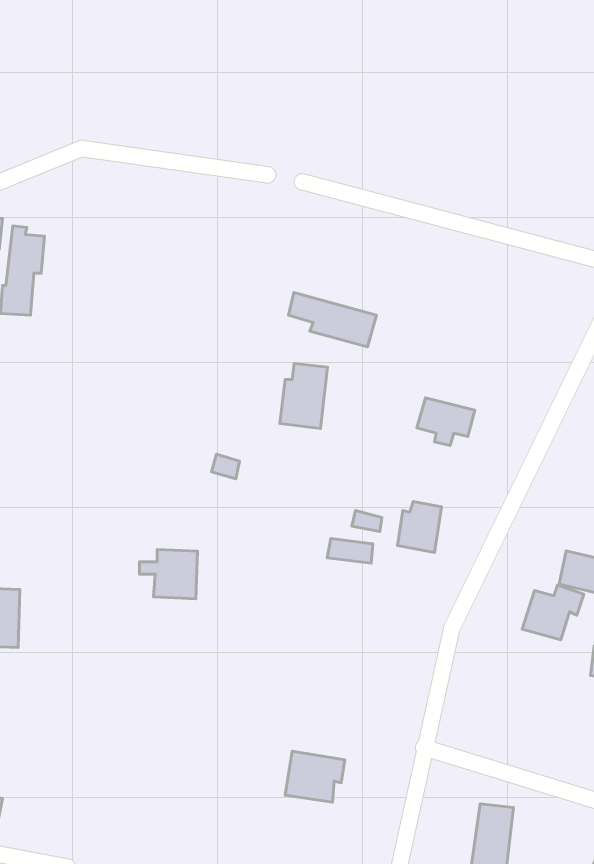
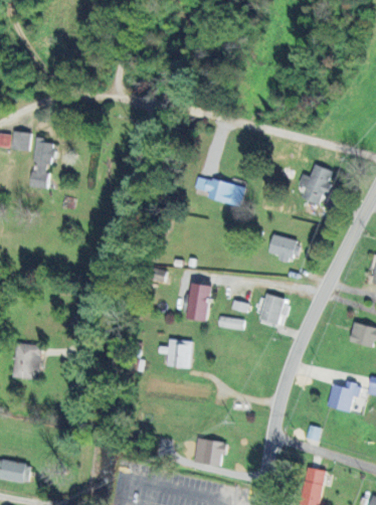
building: none -> [299,164,334,217]
building: [280,364,327,429] -> [184,284,211,321]
building: [139,550,197,599] -> [159,339,192,367]
building: [522,585,584,640] -> [327,381,362,412]

